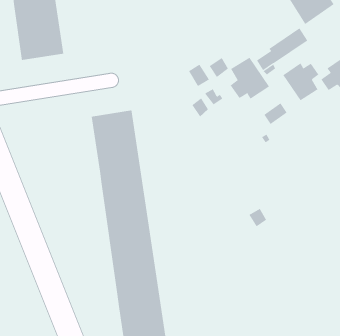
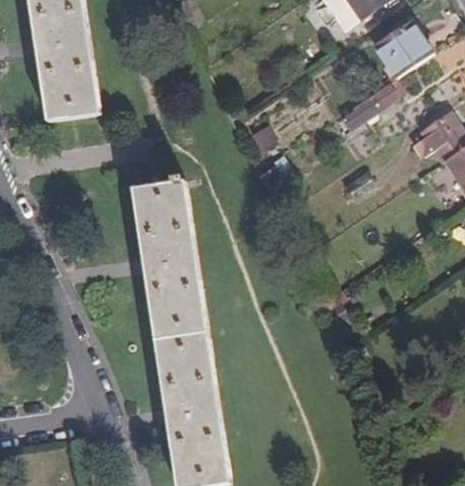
building: [230,57,270,100] -> none
building: [282,63,319,101] -> none

